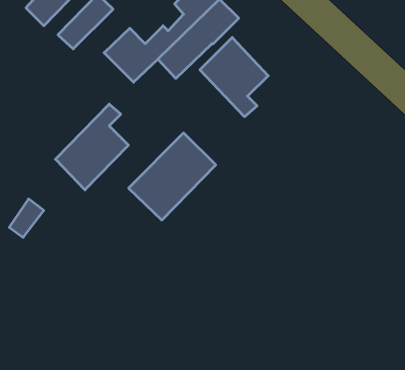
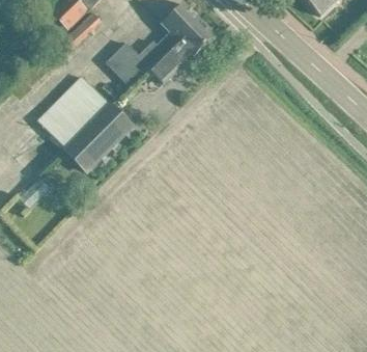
building: [200,37,268,117] -> none
building: [129,133,216,220] -> [39,77,110,147]

